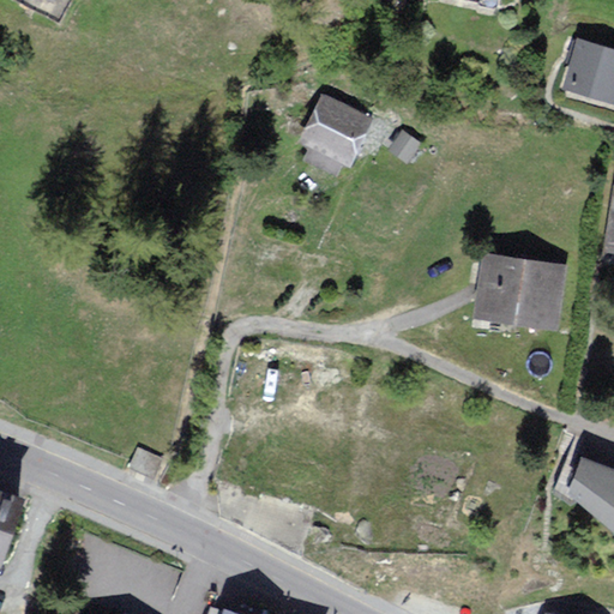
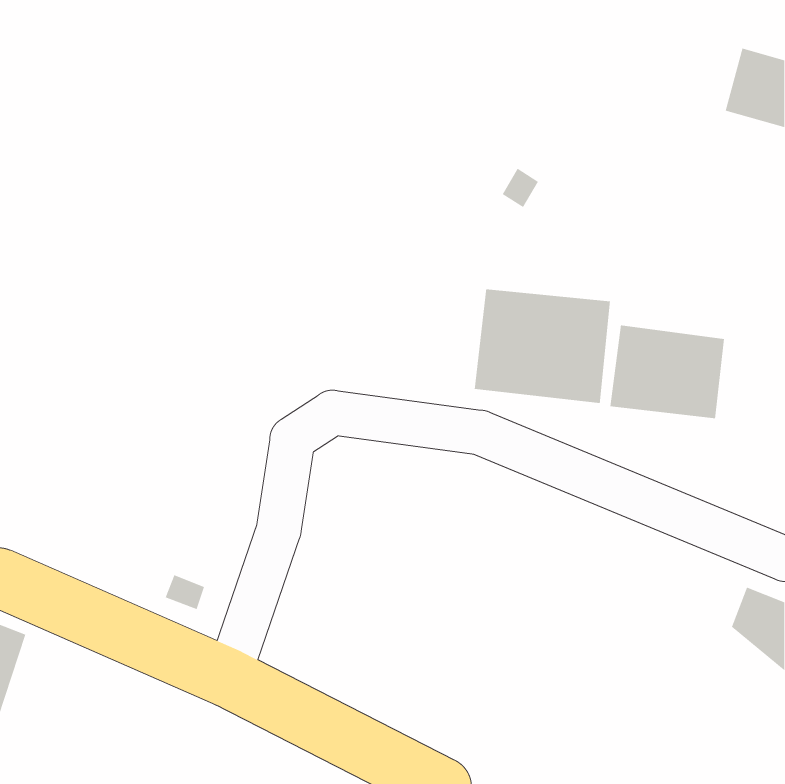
building: [301,92,374,164] -> none
building: none -> [474,289,610,404]

